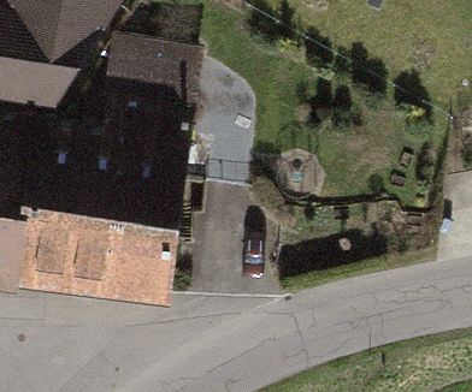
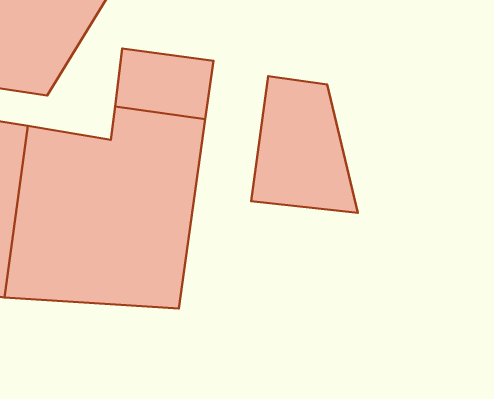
building: none -> [251,76,358,213]

